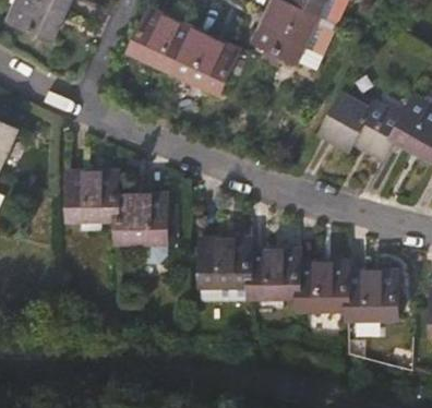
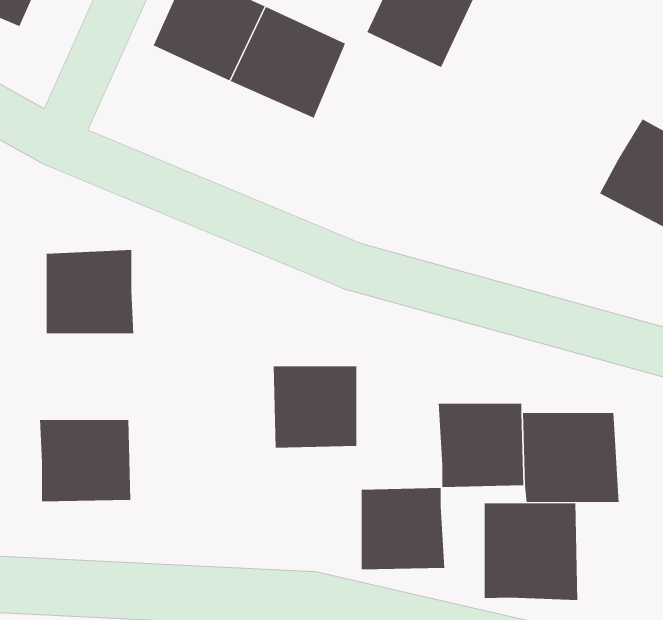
building: [317,95,399,156] -> none
building: [116,195,169,243] -> [39,420,131,502]
building: [247,250,296,298] -> [361,487,445,570]
building: none -> [484,502,578,601]

